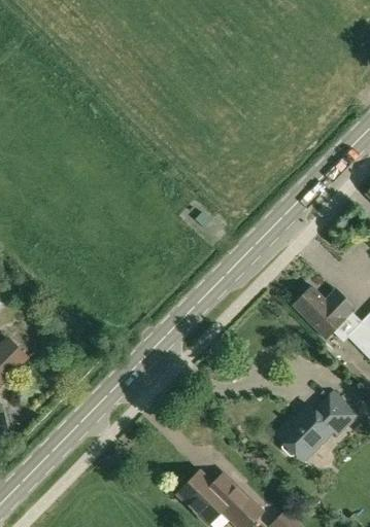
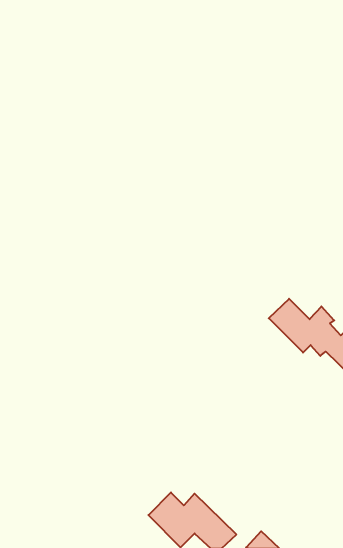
building: [274,391,358,456] -> none

